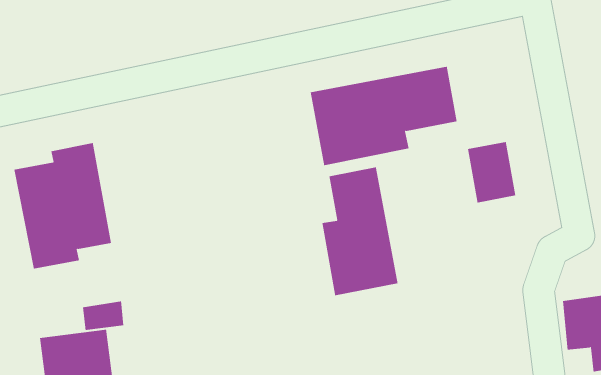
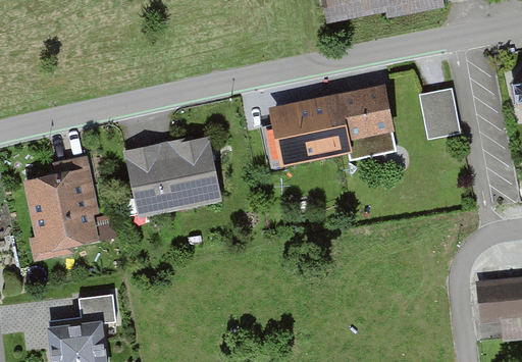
building: none -> [126,137,223,217]
building: [467,142,516,203] -> [419,86,460,137]
building: [322,167,398,296] -> none

